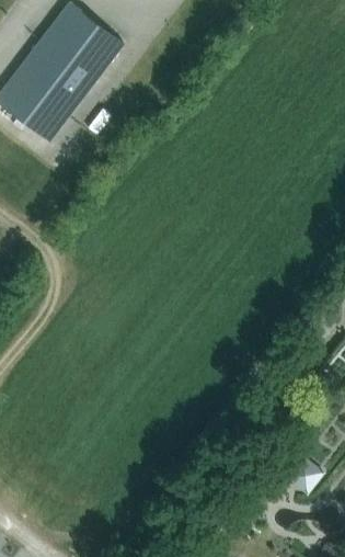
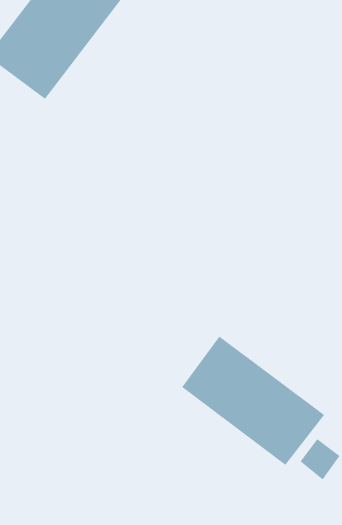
building: none -> [181,335,325,466]

